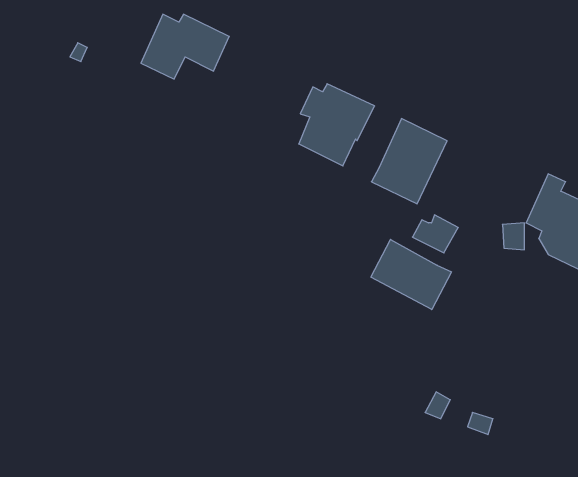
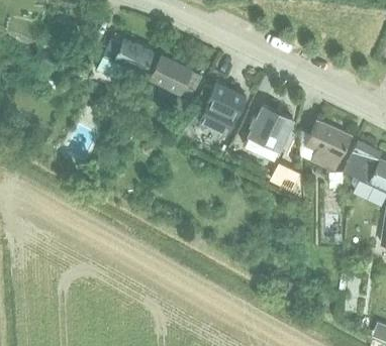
building: none -> [151,54,202,97]
building: none -> [306,120,351,168]
building: [371,239,451,310] -> none

